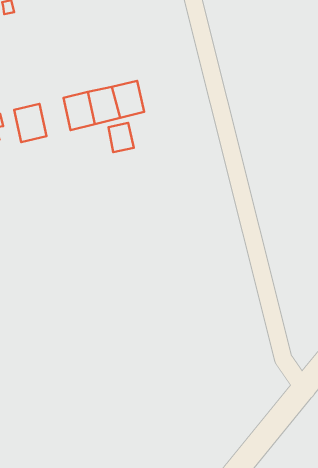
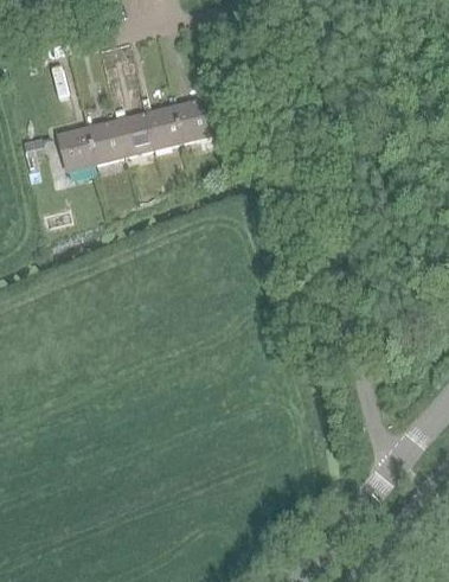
building: none -> [88,119,124,164]
building: [109,123,134,152] -> none

